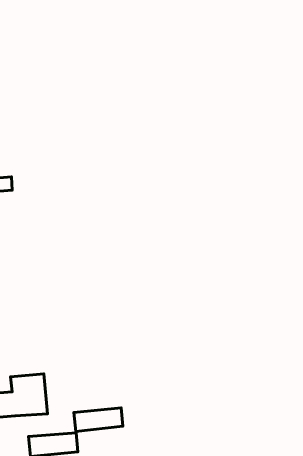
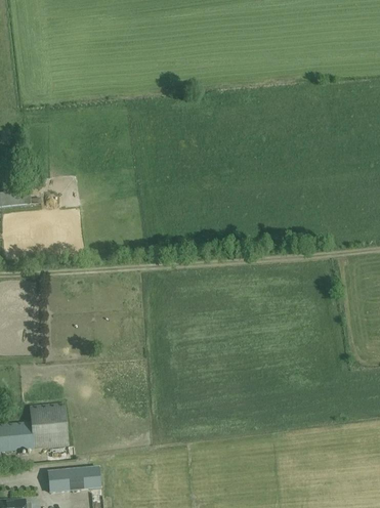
building: [74,408,123,432] -> none

